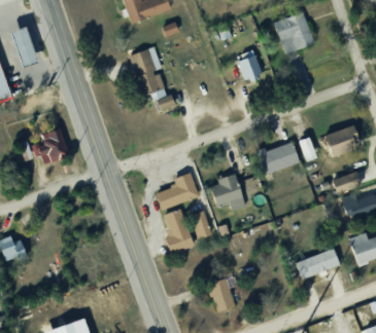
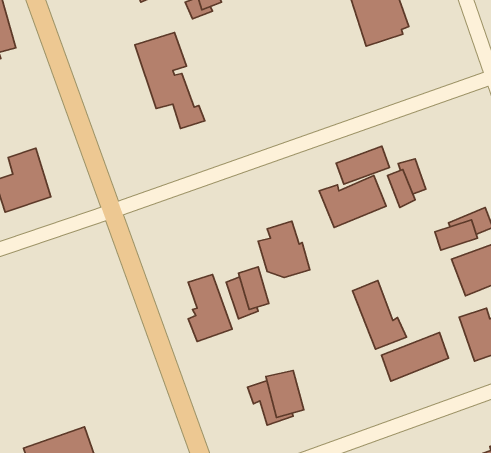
building: [238,53,263,79] -> none
building: [321,124,357,150] -> [336,146,390,184]
building: [156,171,200,210] -> none
building: none -> [352,280,406,349]

